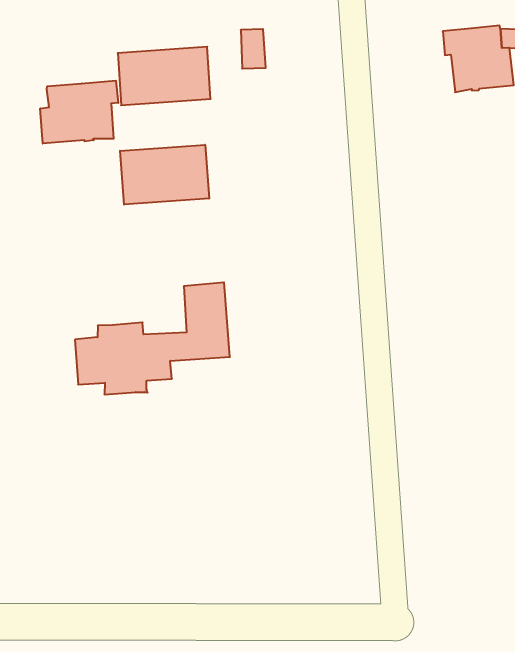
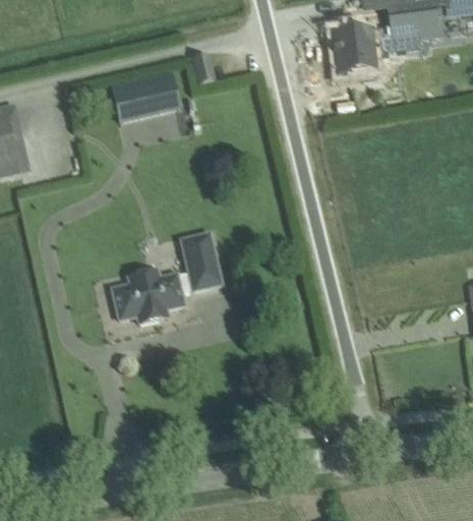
building: [40,81,118,144] -> none
building: [120,145,209,205] -> none

